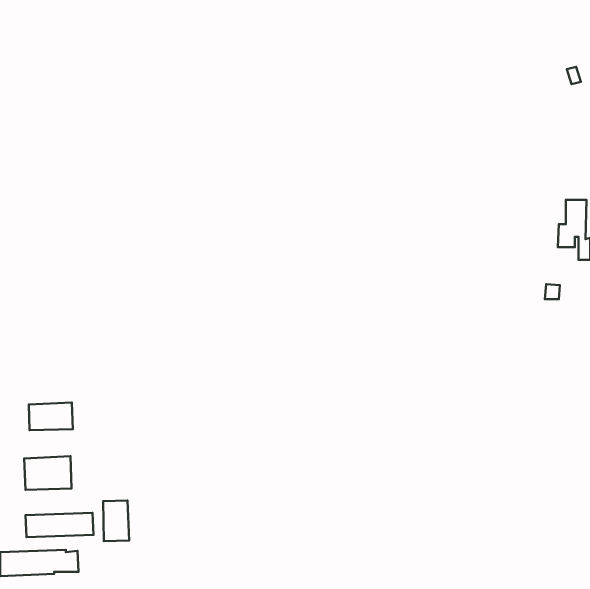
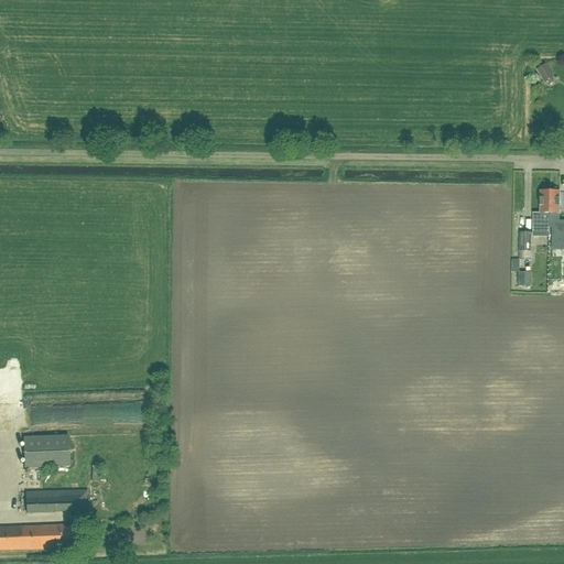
building: [29,402,73,430] -> none
building: [103,500,129,541] -> none

